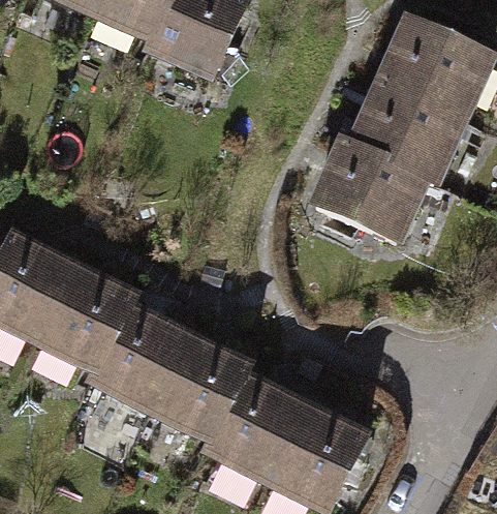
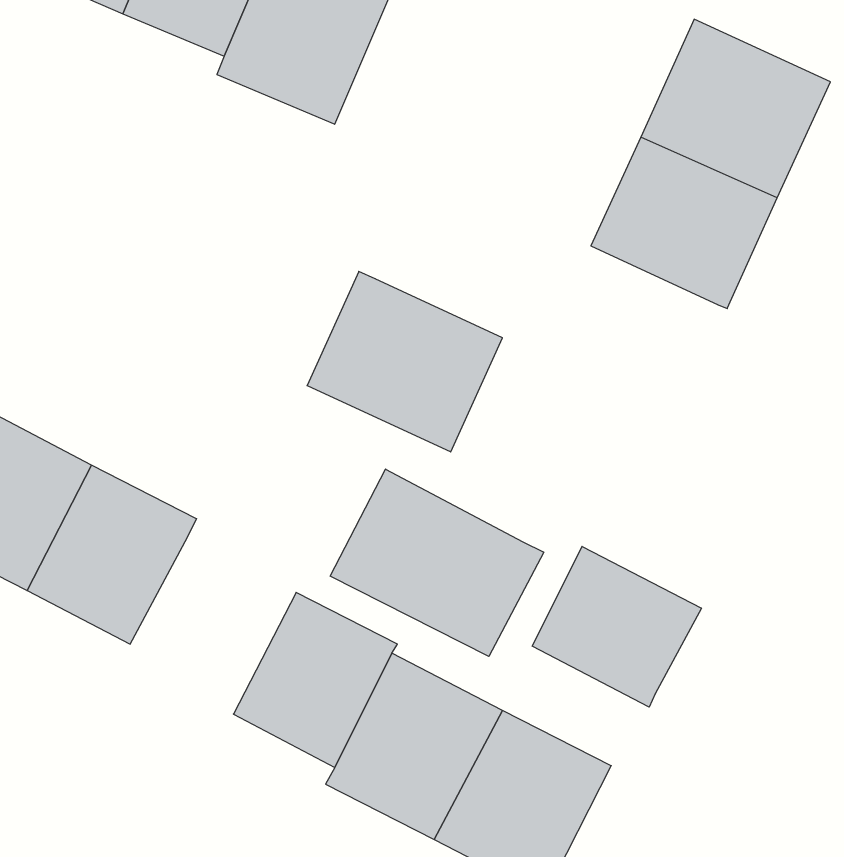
building: [316,141,426,242] -> [307,271,502,452]
building: none -> [330,469,544,656]
building: [92,308,189,407] -> none
building: none -> [532,546,701,707]

